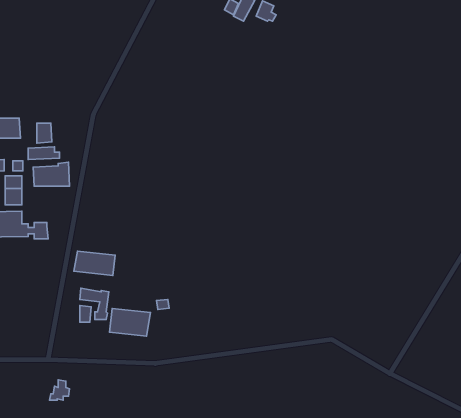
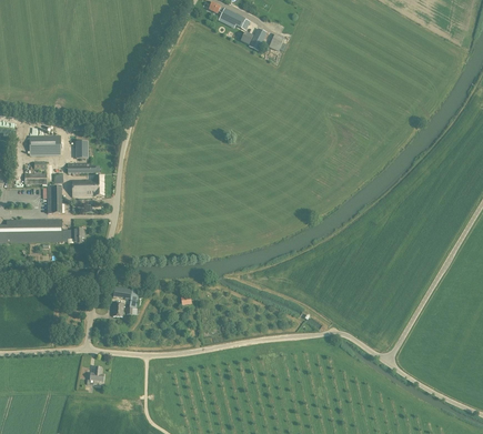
building: [74,251,115,275] -> none
building: [110,308,151,336] -> none

